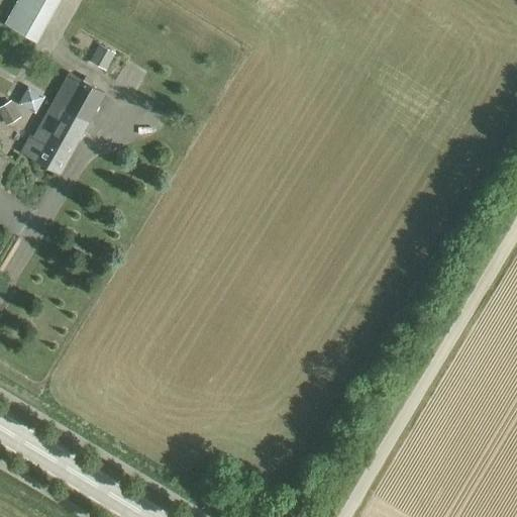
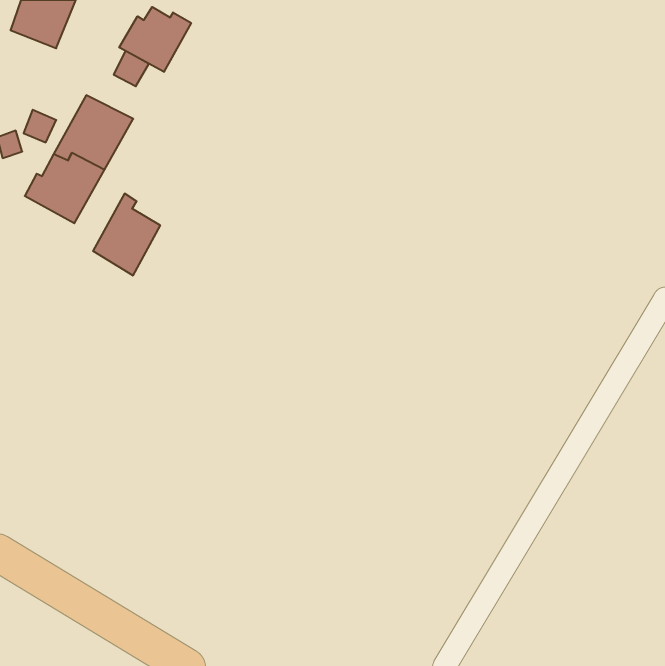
building: none -> [119,7,191,72]
building: none -> [93,193,160,276]

